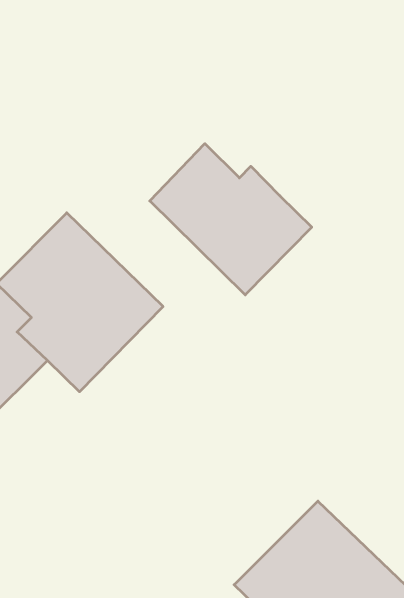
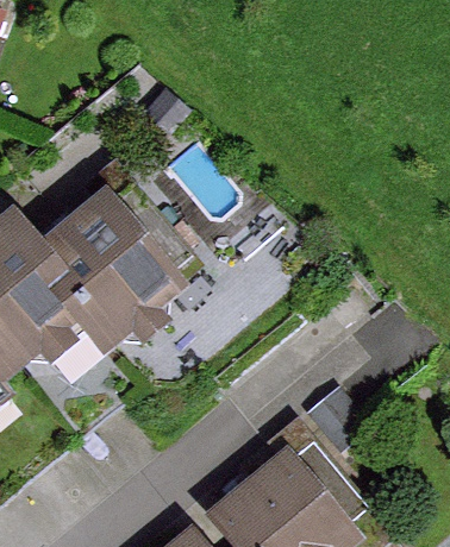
building: [150,144,312,295] -> none

